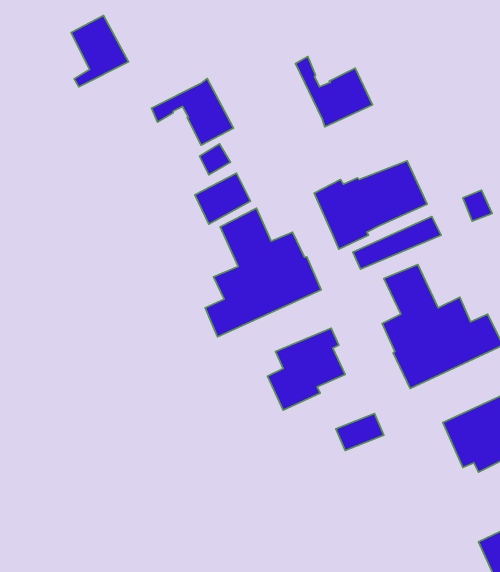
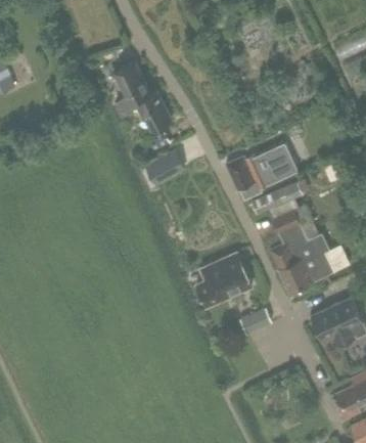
building: [71,15,128,87] -> [112,61,150,108]
building: [295,57,372,127] -> none
building: [205,208,321,337] -> none

